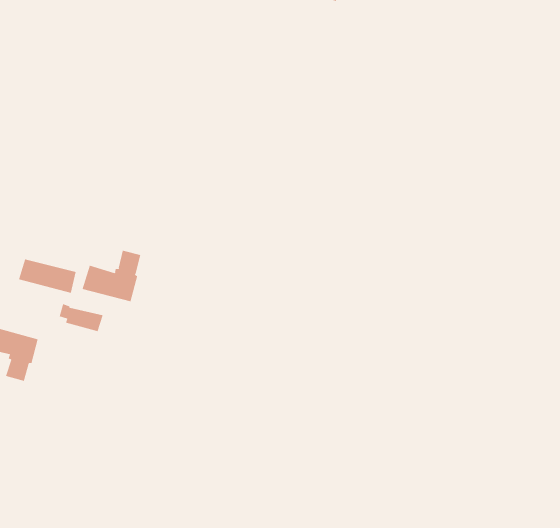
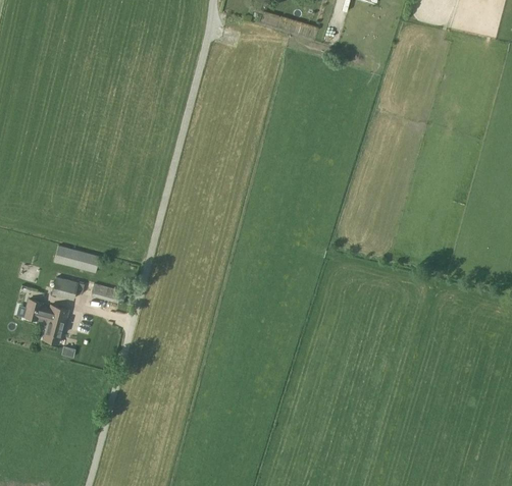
building: [82,250,141,302] -> none
building: none -> [51,275,79,300]

